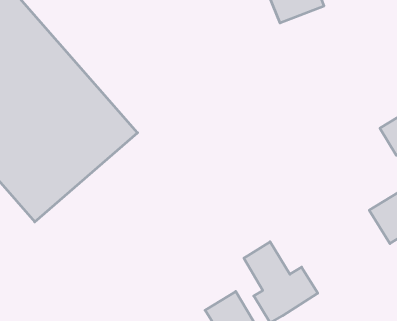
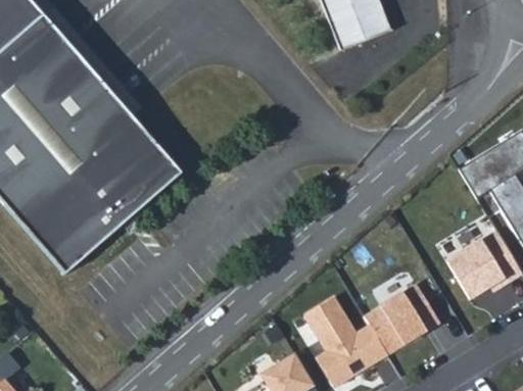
building: none -> [363,283,436,354]

